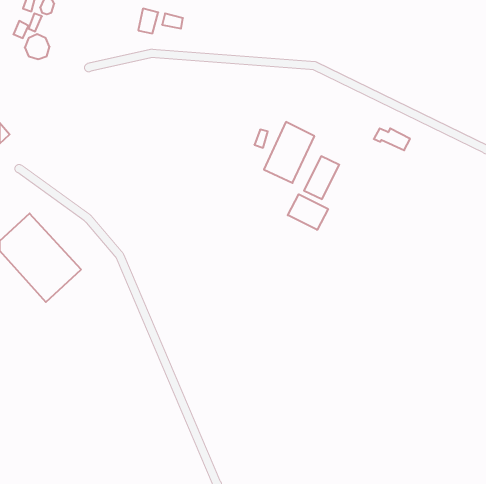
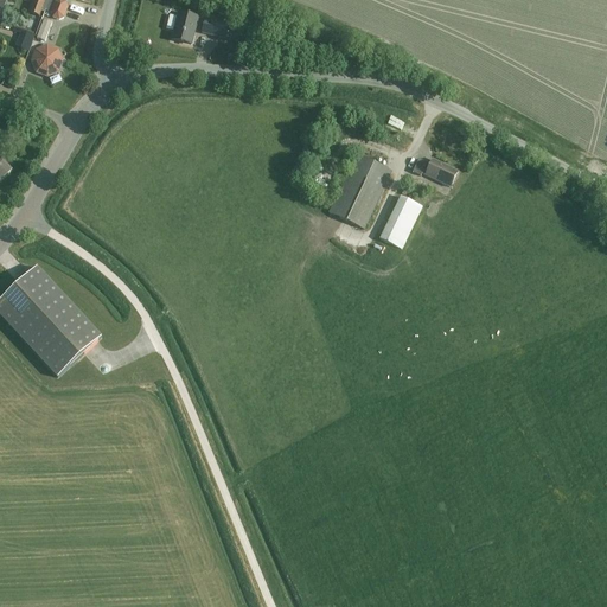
building: [374,128,410,150] -> [411,156,456,184]
building: [288,194,328,230] -> none

